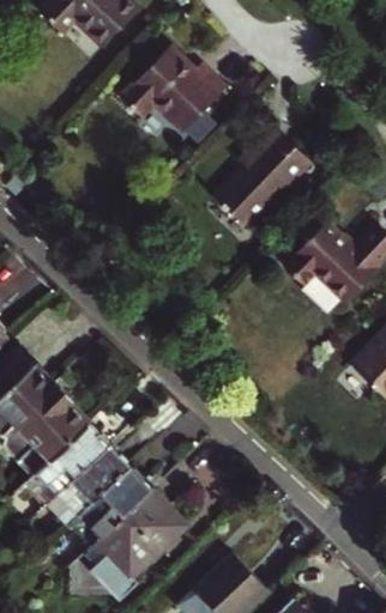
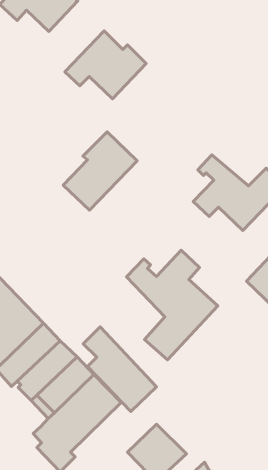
building: [216,126,310,226] -> [63,132,137,210]
building: none -> [127,250,218,360]
building: none -> [83,327,157,411]

